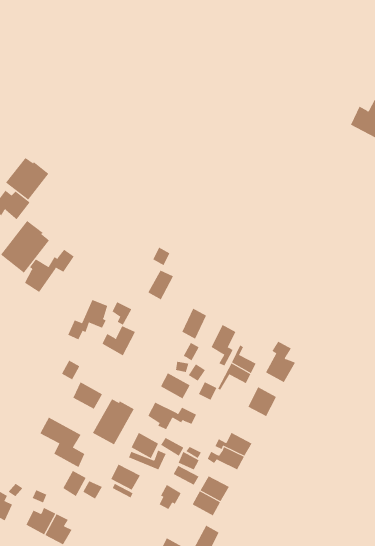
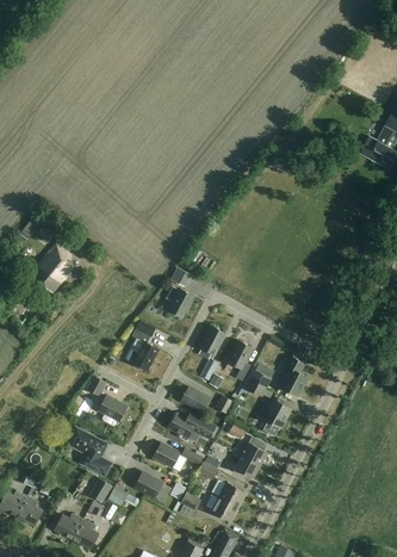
building: [5,157,49,200] -> none
building: [24,249,75,293] -> none
building: [68,299,108,340] -> none
building: [92,398,134,445] -> none

